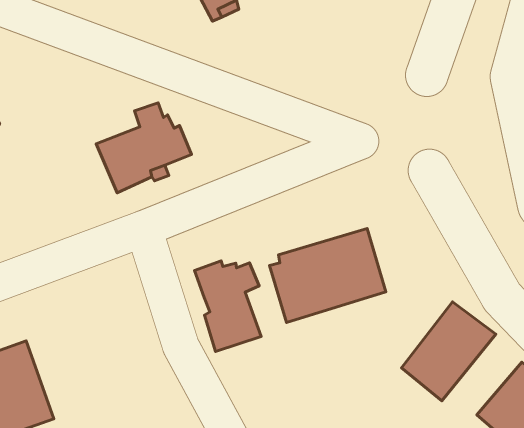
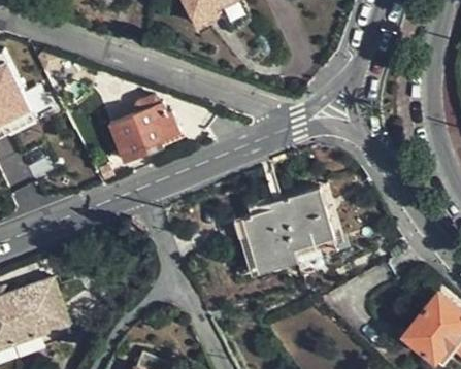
building: [195,261,261,351] -> none
building: [401,302,496,401] -> none

